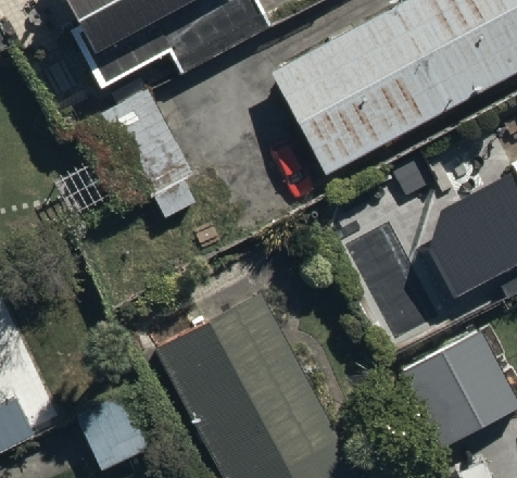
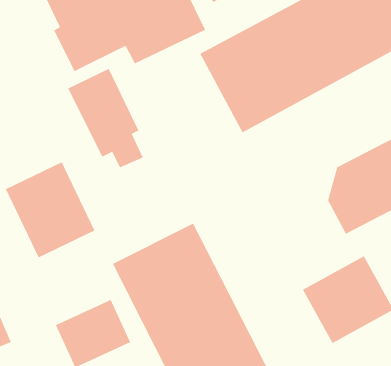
building: none -> [5,161,96,258]

